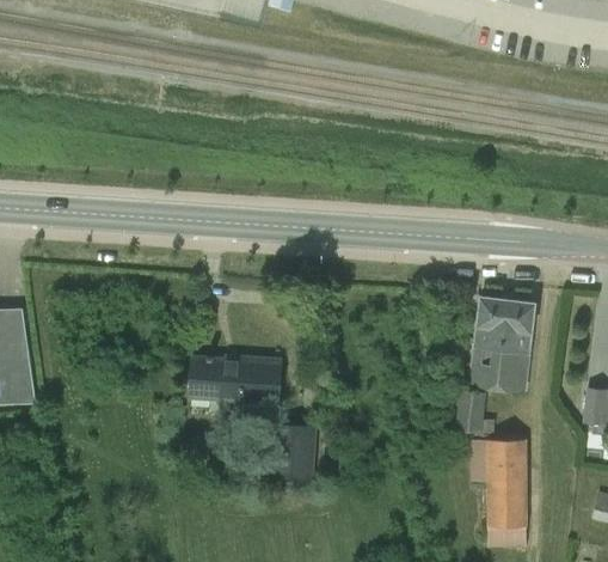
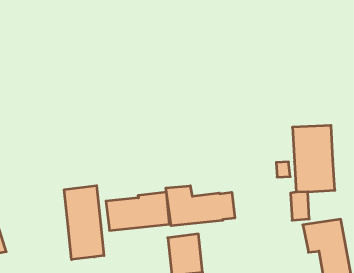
building: none -> [64,186,104,260]
building: none -> [166,186,235,226]

